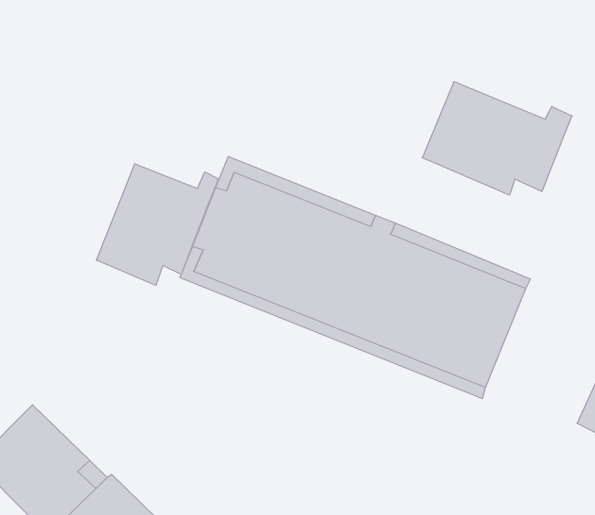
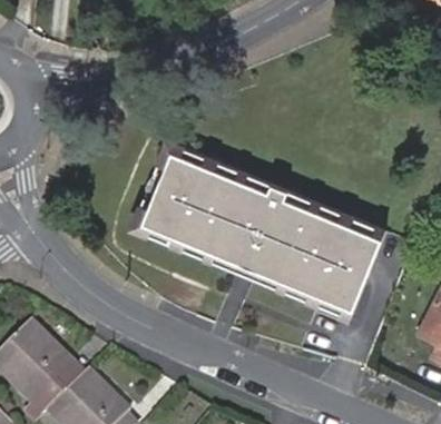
building: [422,82,572,195] -> none
building: [96,164,218,285] -> none

